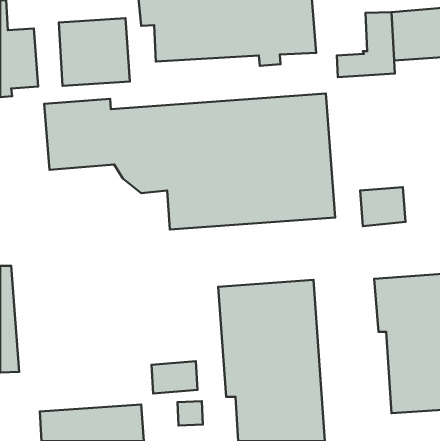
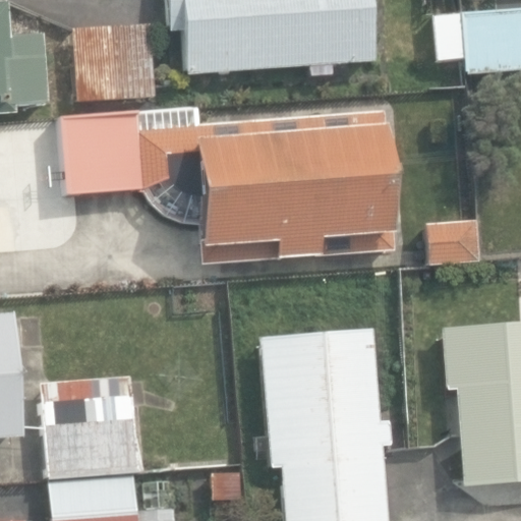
building: none -> [39,374,140,476]

